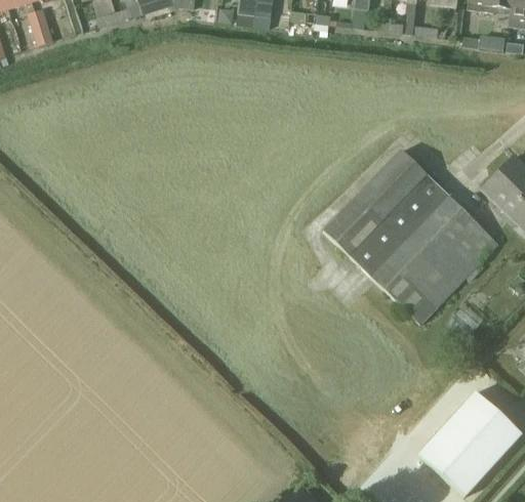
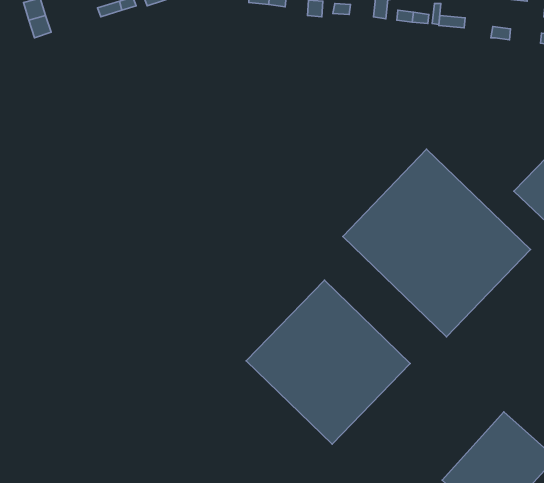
building: none -> [246,280,410,444]

